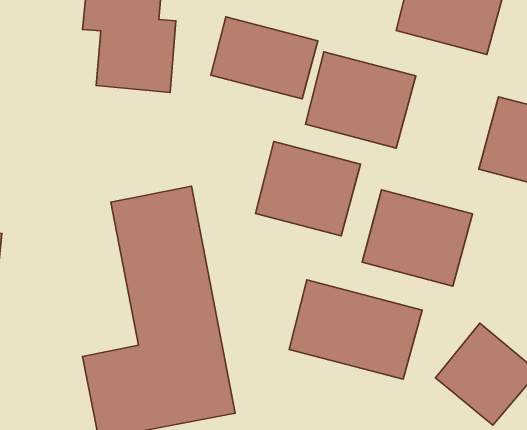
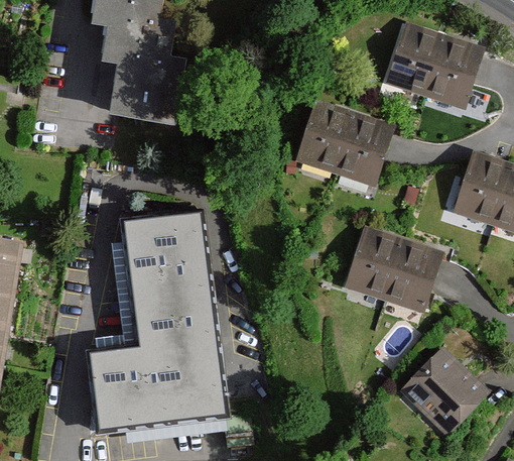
building: [211,17,318,99] -> none
building: [255,142,360,236] -> none
building: [289,280,422,379] -> none

